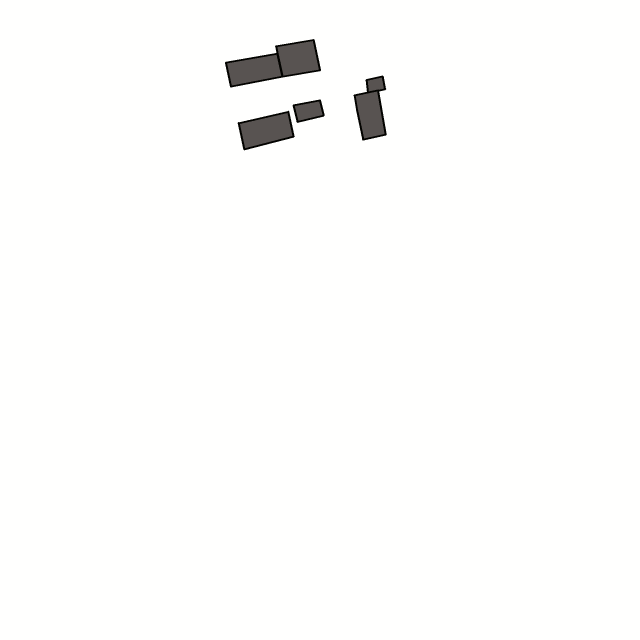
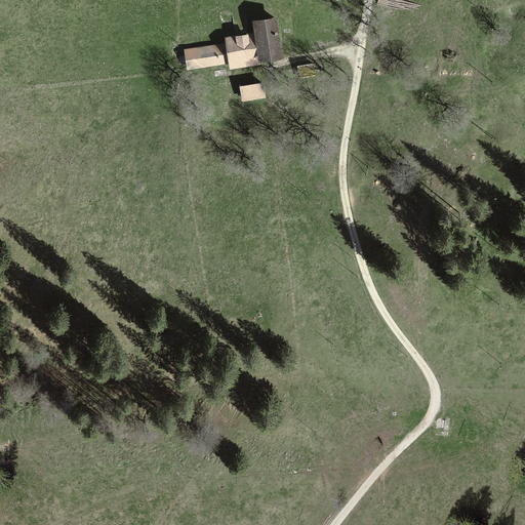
building: [354,91,386,140] -> [254,17,280,57]
building: [239,112,293,149] -> none

